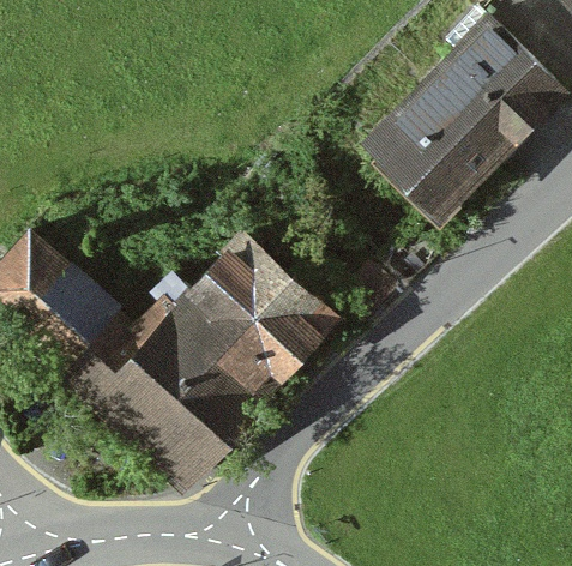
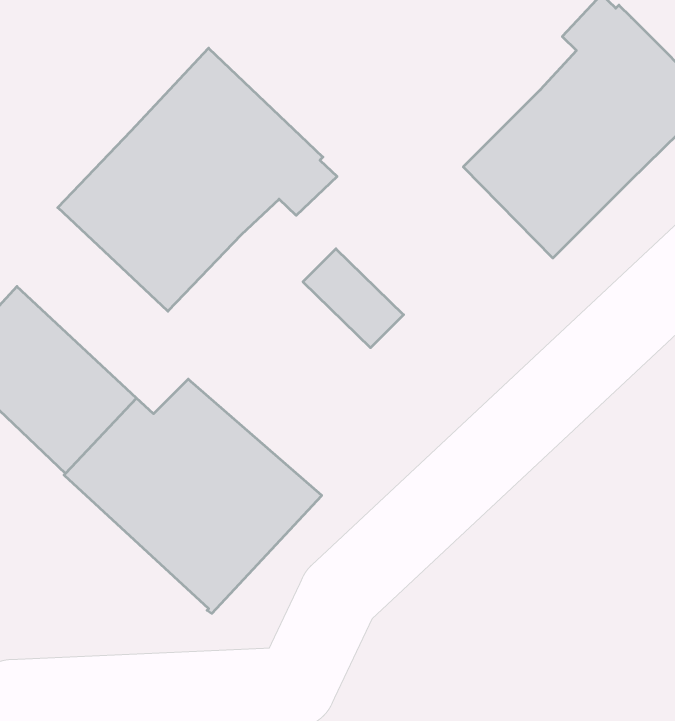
building: none -> [58,48,337,311]
building: [157,233,336,391] -> none

